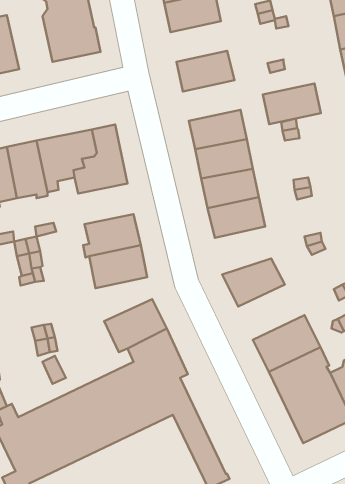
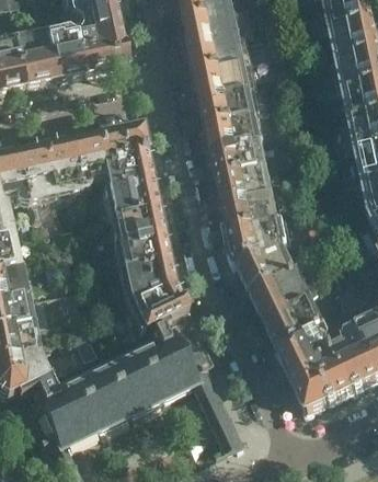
building: none -> [43,22,83,73]
building: none -> [188,31,239,67]
building: [263,84,321,124] -> [199,83,251,119]
building: none -> [101,175,156,211]
building: none -> [228,214,278,256]
building: none -> [122,259,172,298]
building: none -> [249,263,308,314]

